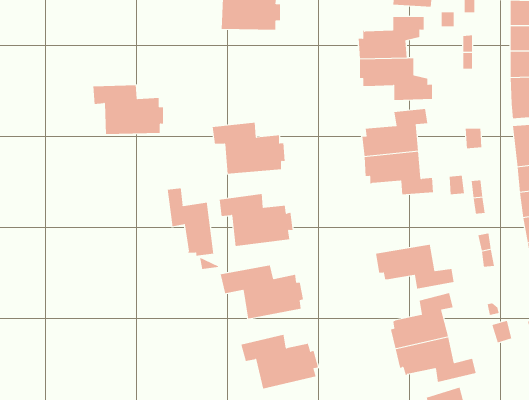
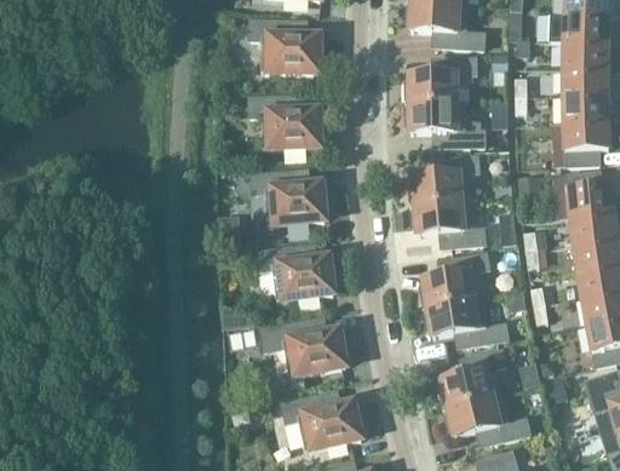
building: [93,85,164,134] -> [249,97,325,149]
building: [167,188,214,256] -> none
building: none -> [421,254,489,309]

